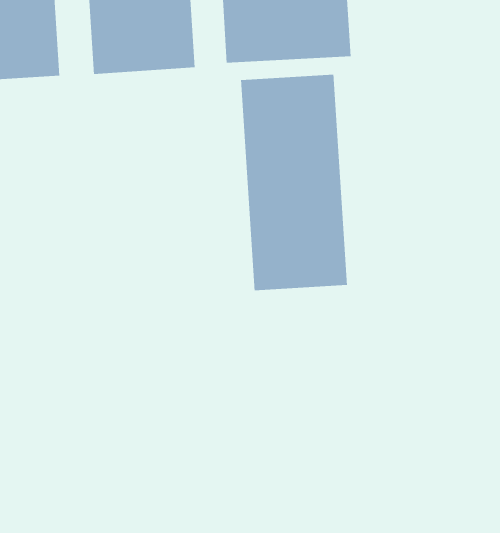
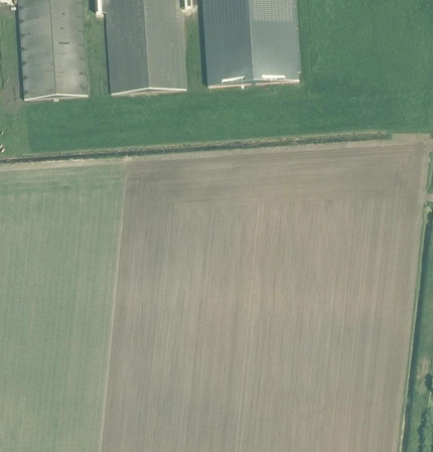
building: [241,74,348,291] -> none

